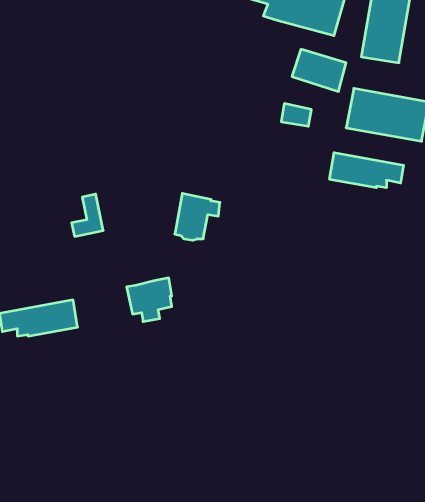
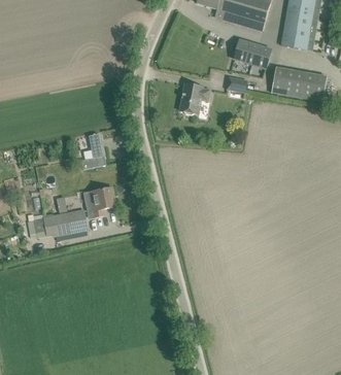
building: [330,153,404,188] -> none
building: [175,193,220,240] -> [178,82,209,114]
building: [127,278,172,322] -> [82,186,113,216]

